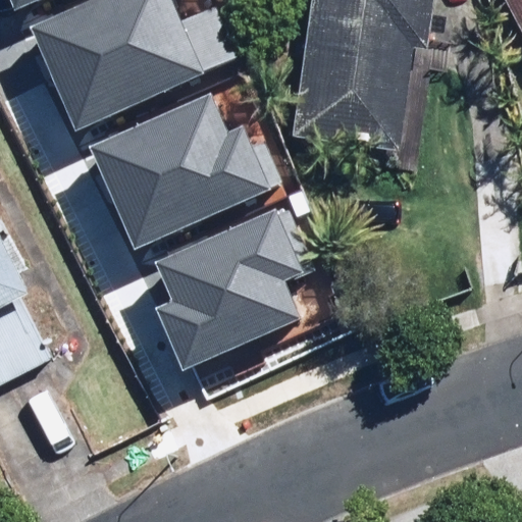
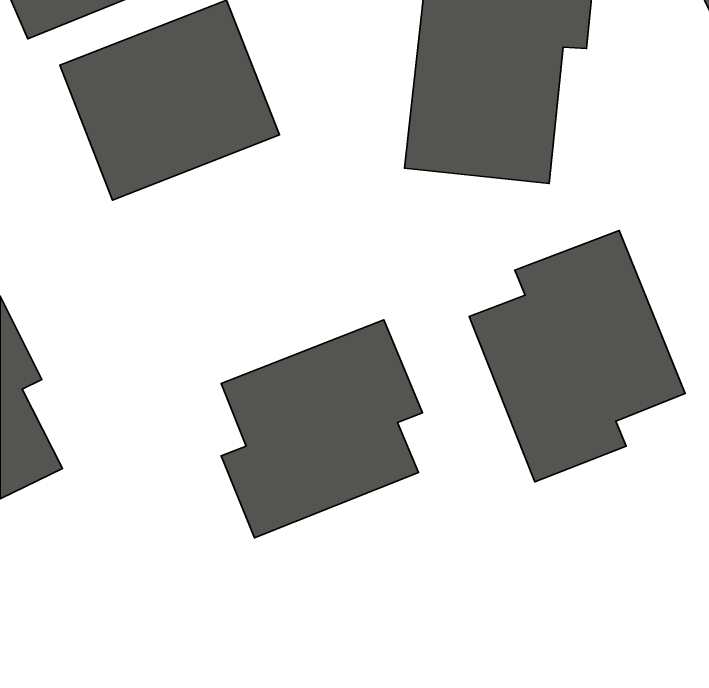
building: [94,119,279,275] -> none
building: none -> [469,230,685,482]

